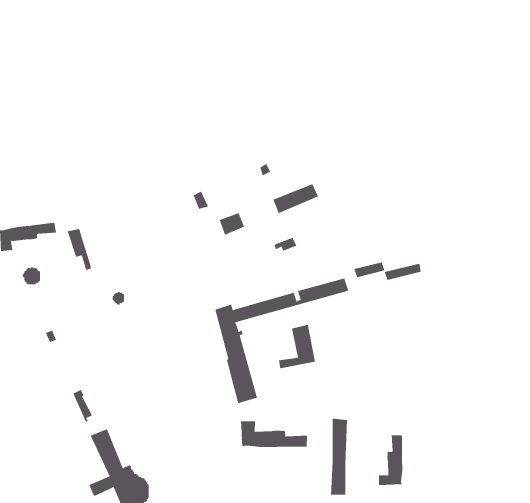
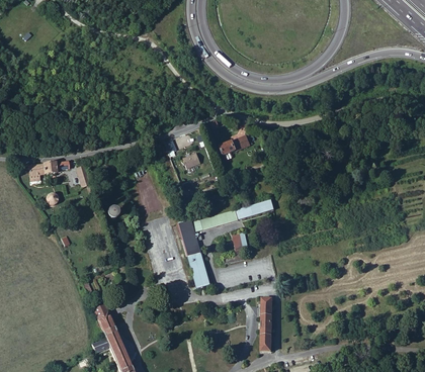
building: [240,420,308,448] -> none
building: [378,435,403,486] -> none

